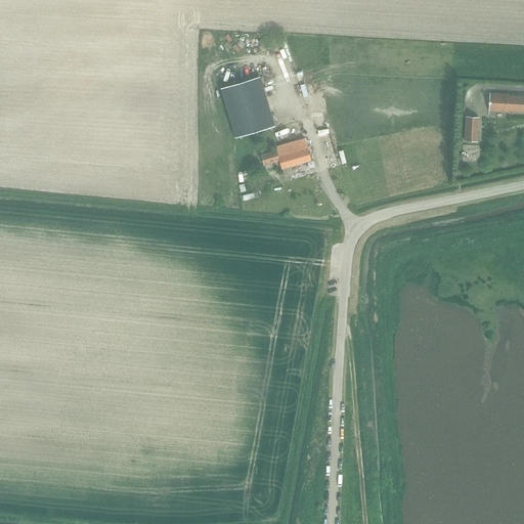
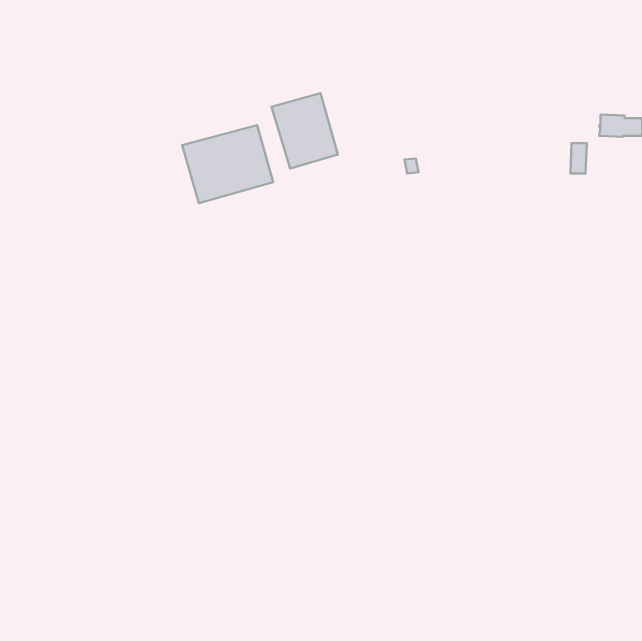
building: none -> [182,125,273,203]
building: [261,139,311,169] -> none

